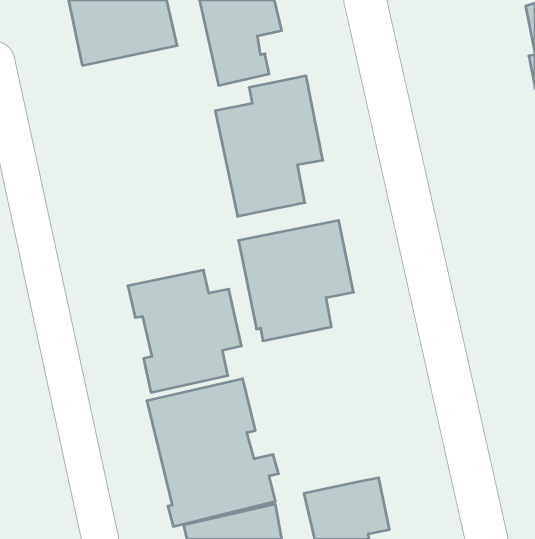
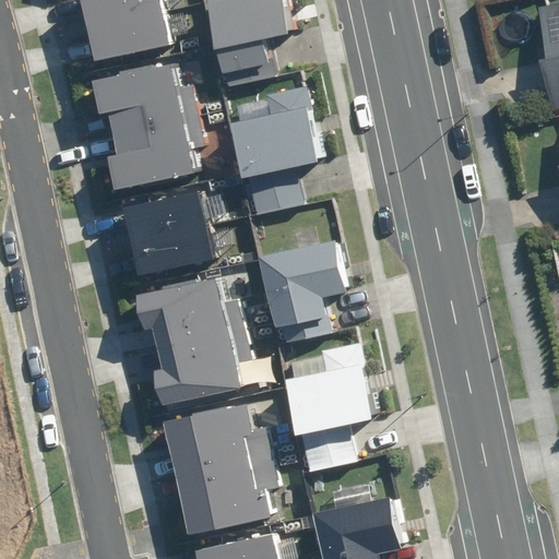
building: none -> [88,60,213,188]
building: none -> [110,180,224,282]
building: none -> [283,342,373,471]

